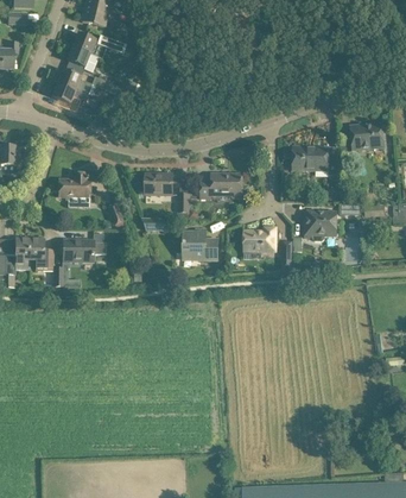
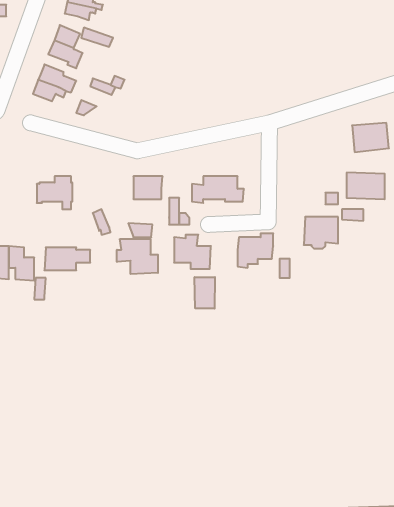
building: [293,146,329,171] -> [347,173,385,199]
building: none -> [117,239,158,274]
building: none -> [195,277,215,309]

